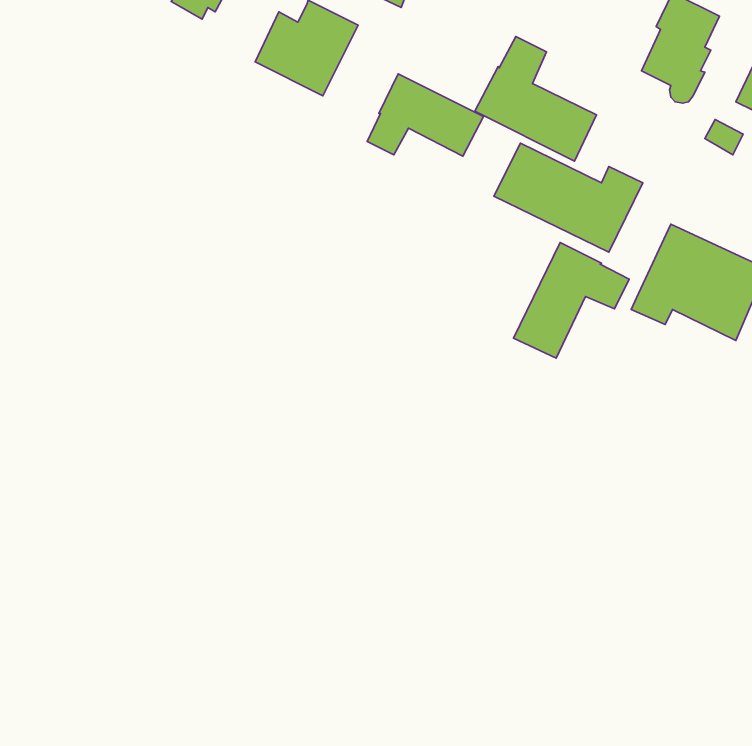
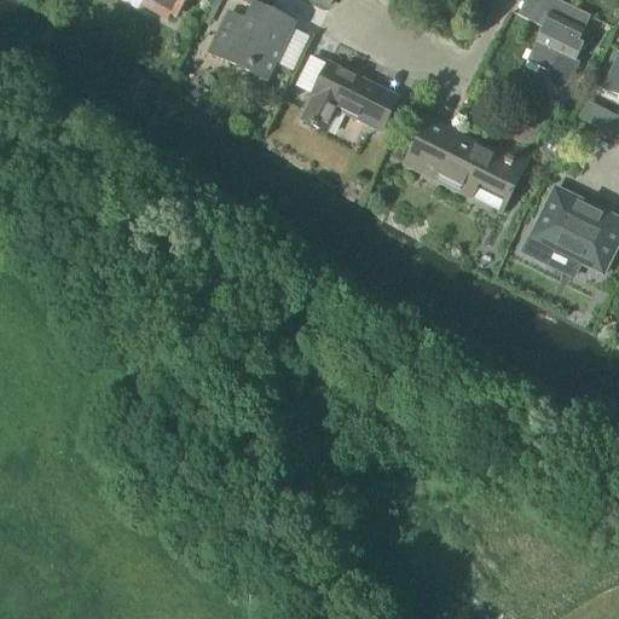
building: [475,37,597,161] -> none
building: [513,242,629,358] -> none

